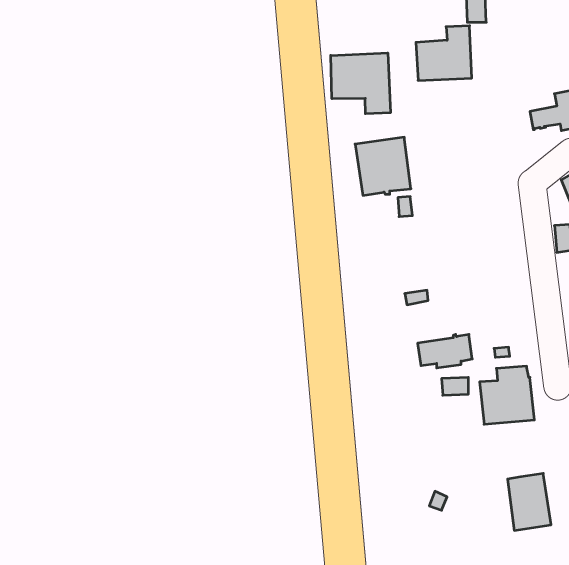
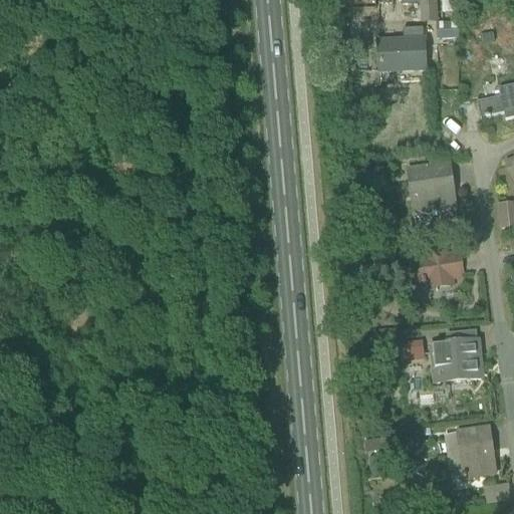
building: [331,53,390,114] -> none
building: [355,137,411,195] -> [407,162,457,214]
building: [418,334,472,368] -> [413,251,462,281]

